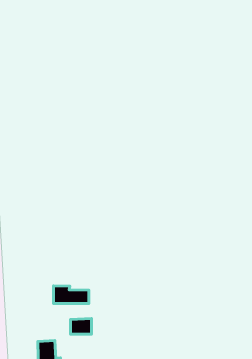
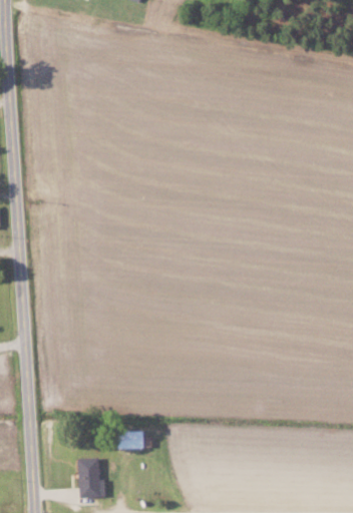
building: [53,286,89,304] -> none

